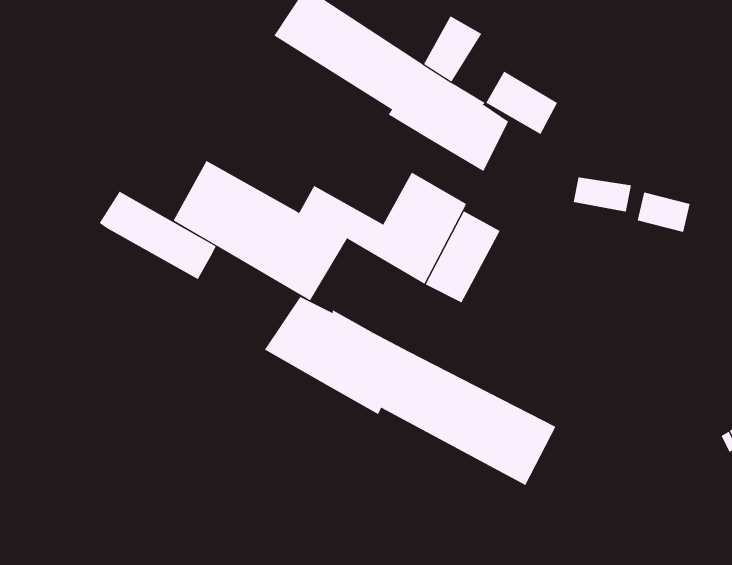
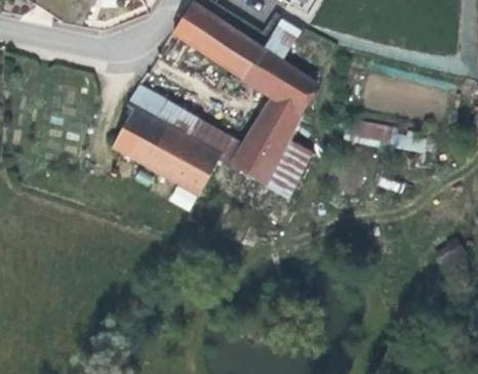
building: [485,71,558,135] -> [256,95,301,134]
building: [99,191,217,280] -> [127,85,199,139]
building: [264,296,556,486] -> none

